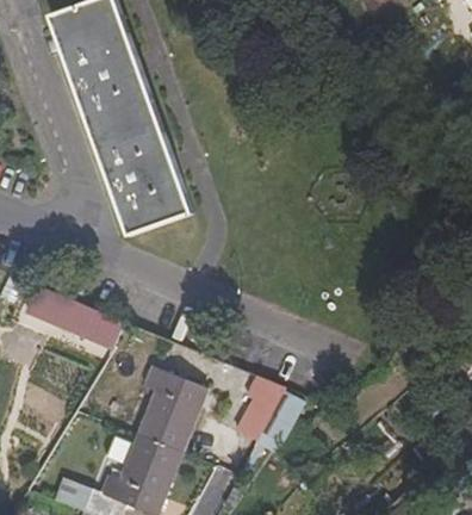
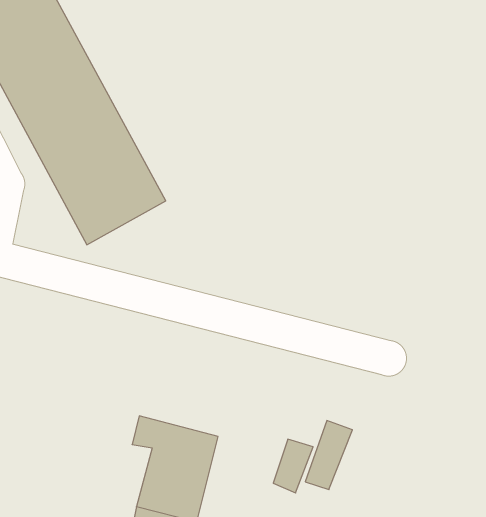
building: [56,298,126,349] -> none

